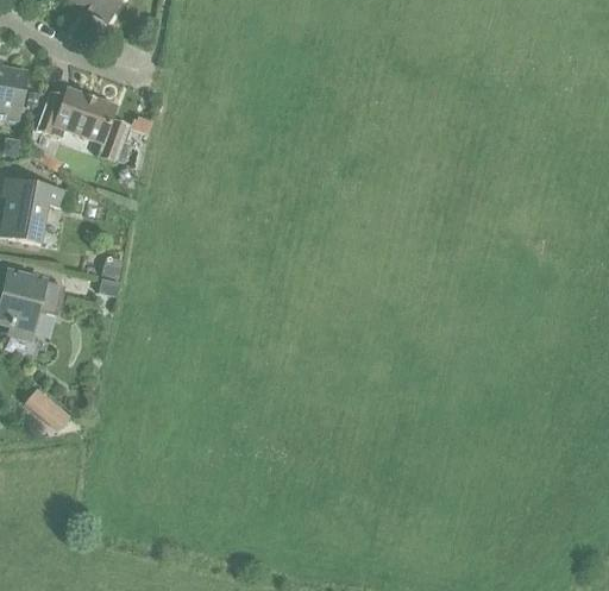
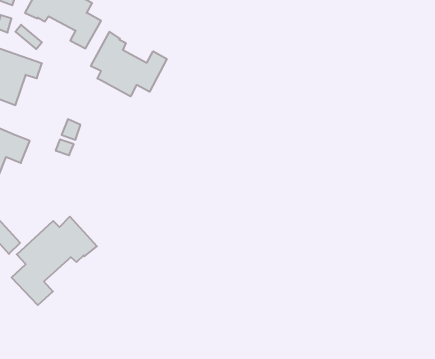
building: none -> [91,32,167,96]
building: none -> [12,217,97,305]

